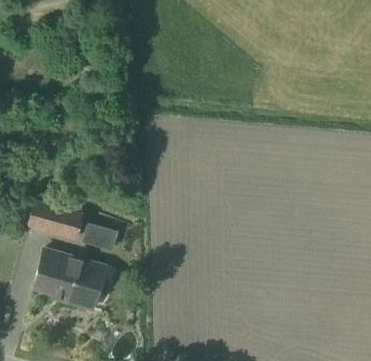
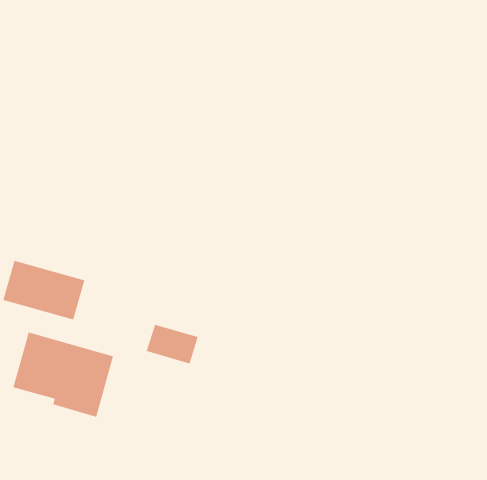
building: [81,222,118,250] -> [146,324,199,364]

